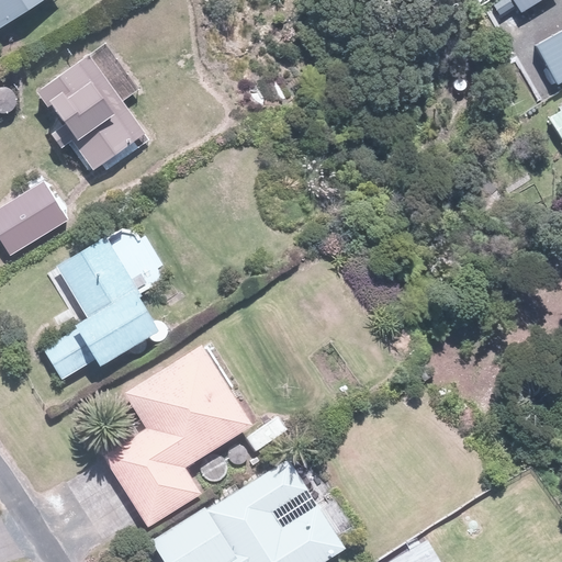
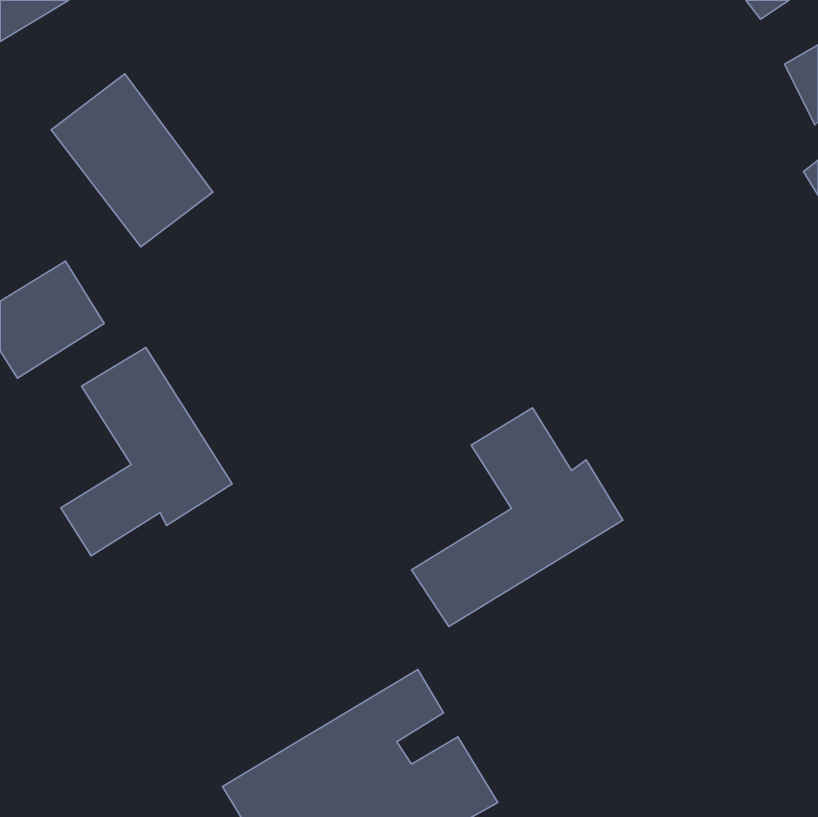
building: none -> [412,408,623,627]
building: [105,344,252,526] -> none

